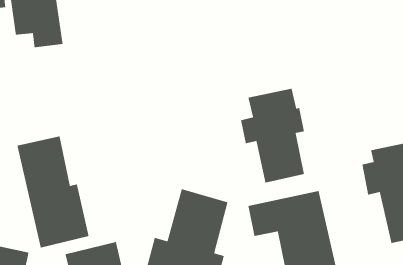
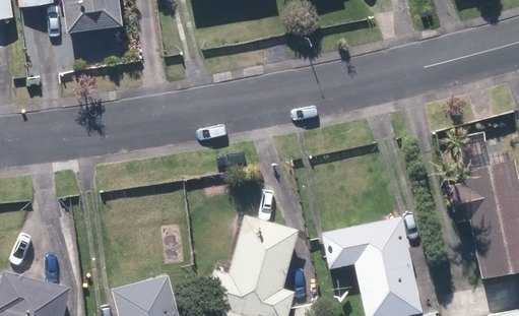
building: [240,88,305,184] -> none
building: [16,136,90,248] -> none

